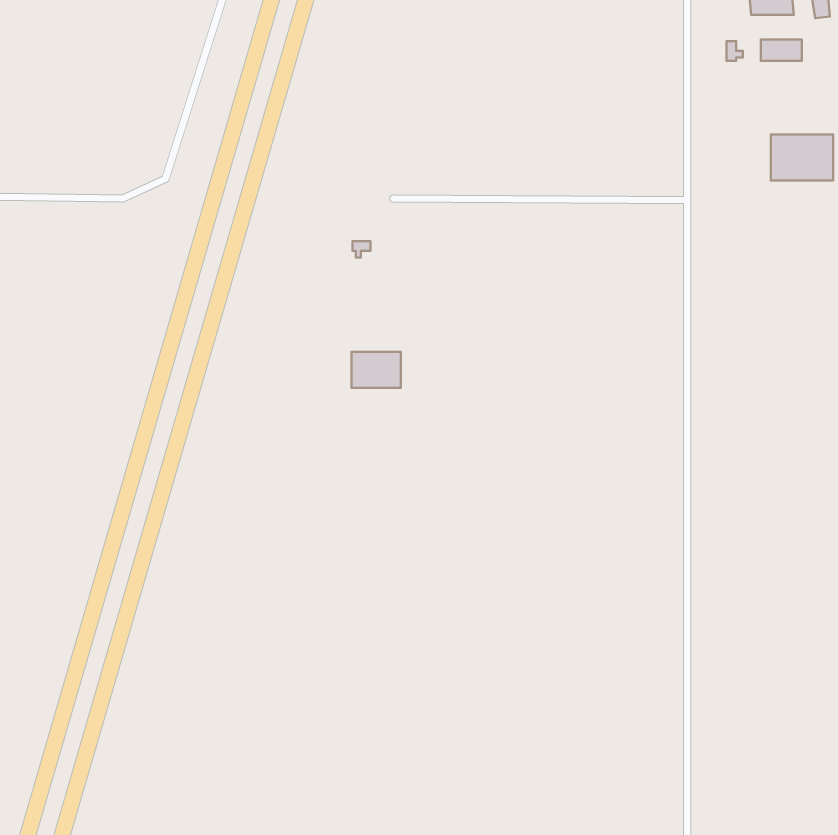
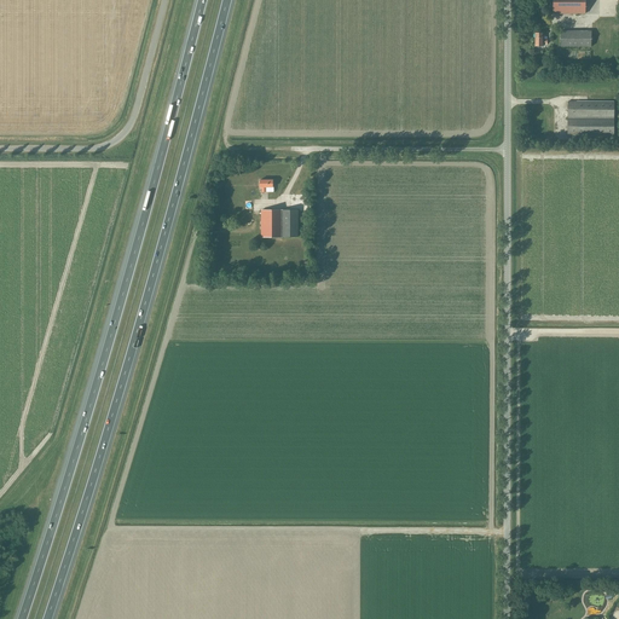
building: [352,352,401,388] -> [261,208,297,235]

